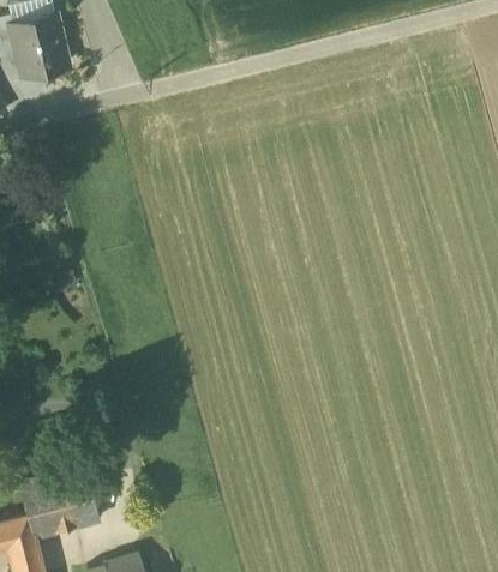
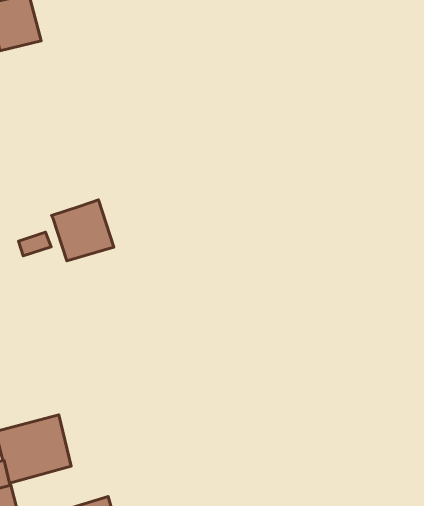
building: none -> [52,200,114,261]

